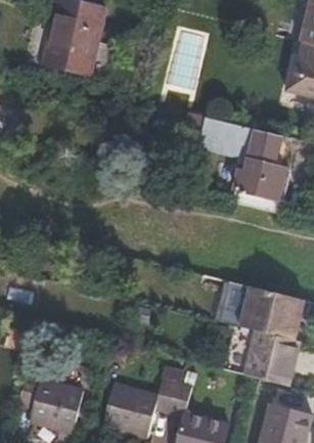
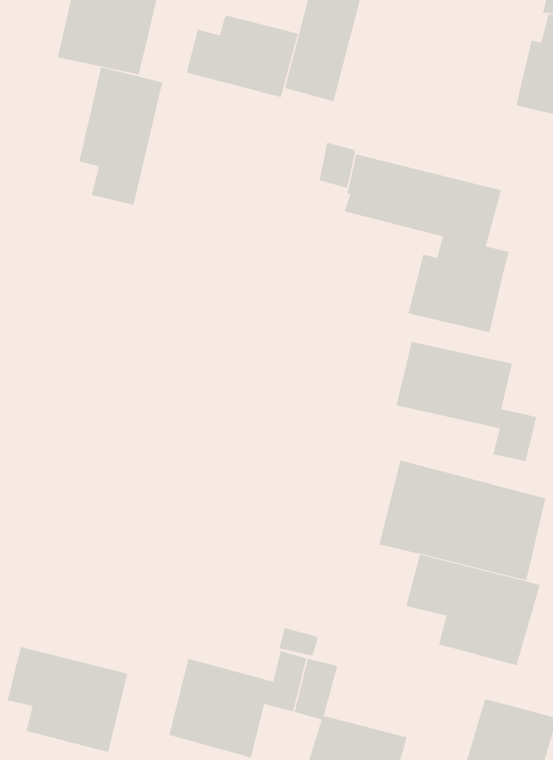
building: none -> [186,15,298,98]
building: none -> [79,67,163,205]
building: none -> [396,341,537,462]

